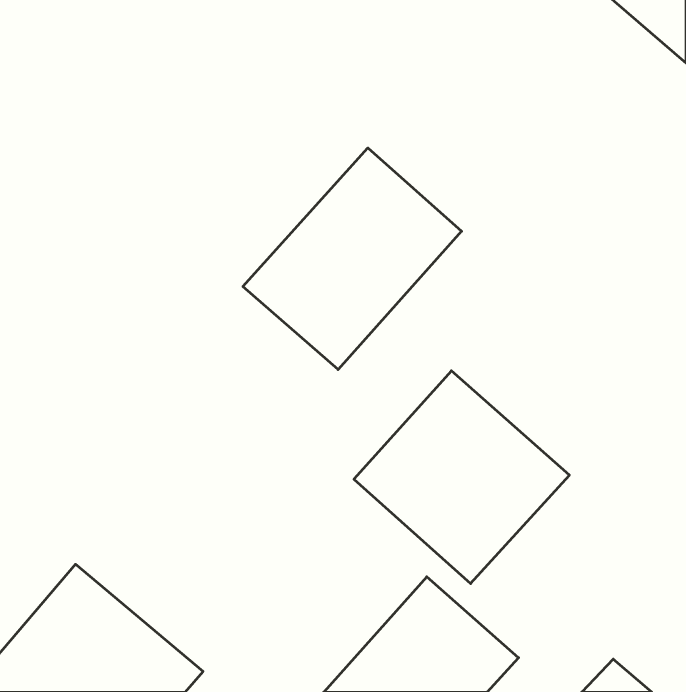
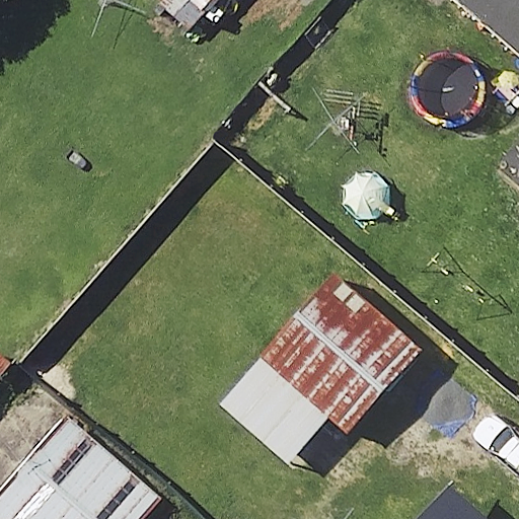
building: [243,148,462,370] -> none

